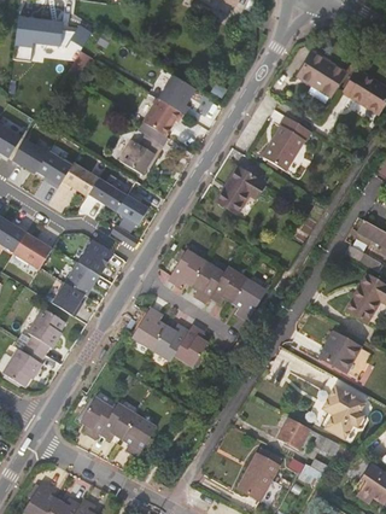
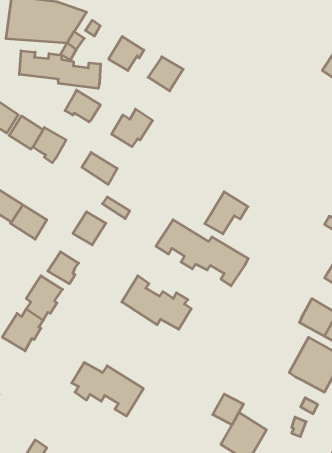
building: [299,51,346,92] -> none
building: none -> [19,51,101,88]
building: [145,98,182,134] -> [109,36,144,71]
building: [262,113,312,169] -> none
building: [62,162,99,195] -> [65,90,100,122]
building: [217,167,263,211] -> [205,192,248,234]
building: [117,194,150,224] -> none
building: [66,262,100,296] -> none
building: [275,416,308,449] -> [213,394,244,425]

